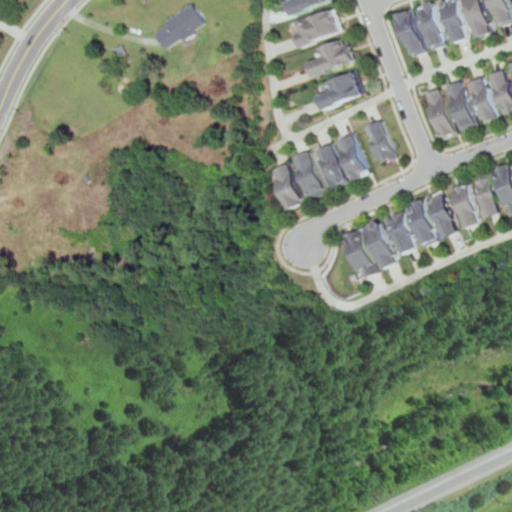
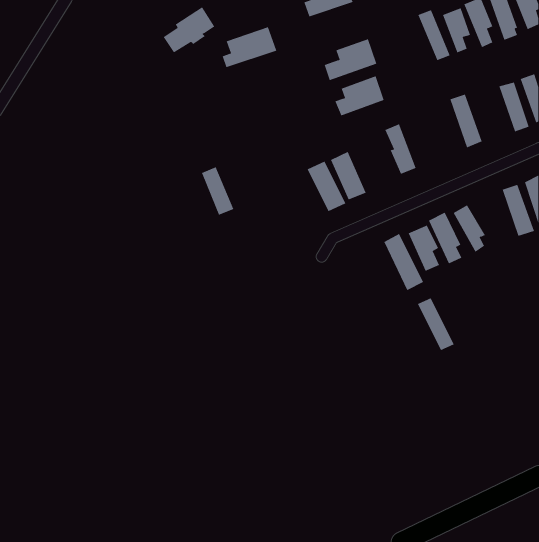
building: [289,8,341,47] -> [222,26,277,68]
building: [445,81,476,131] -> none
building: [332,135,364,183] -> none
building: [270,163,301,209] -> [201,166,234,215]
building: [448,184,478,231] -> none
building: [341,230,376,280] -> [417,297,454,351]

